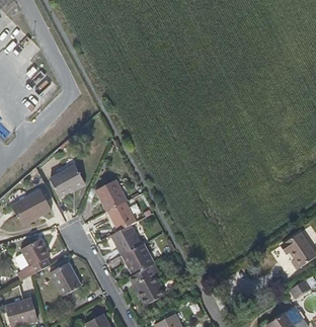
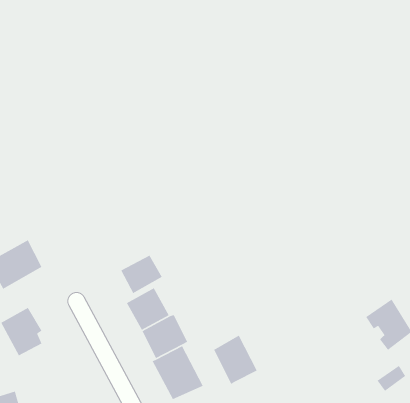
building: [49,164,84,197] -> none
building: [94,180,127,212] -> none
building: none -> [213,334,258,385]
building: [49,262,81,296] -> none

